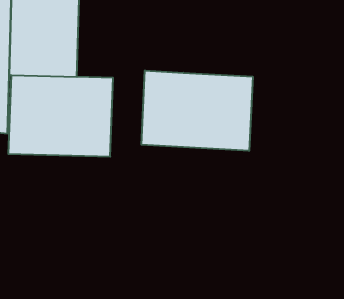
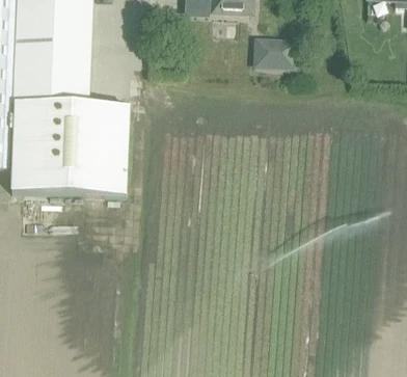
building: none -> [257,38,296,69]
building: [141,70,253,151] -> none

